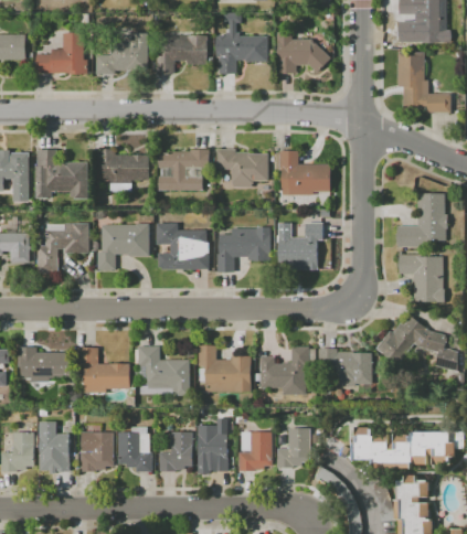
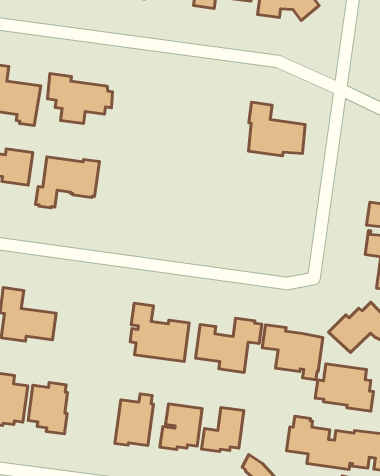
building: [158,149,210,190] -> none
building: [217,149,268,188] -> none
building: [157,223,209,269] -> none
building: [279,223,323,270] -> none
building: [217,227,272,273] -> none
building: [138,346,190,395] -> none
building: none -> [315,364,374,411]
building: [160,432,193,471] -> none

